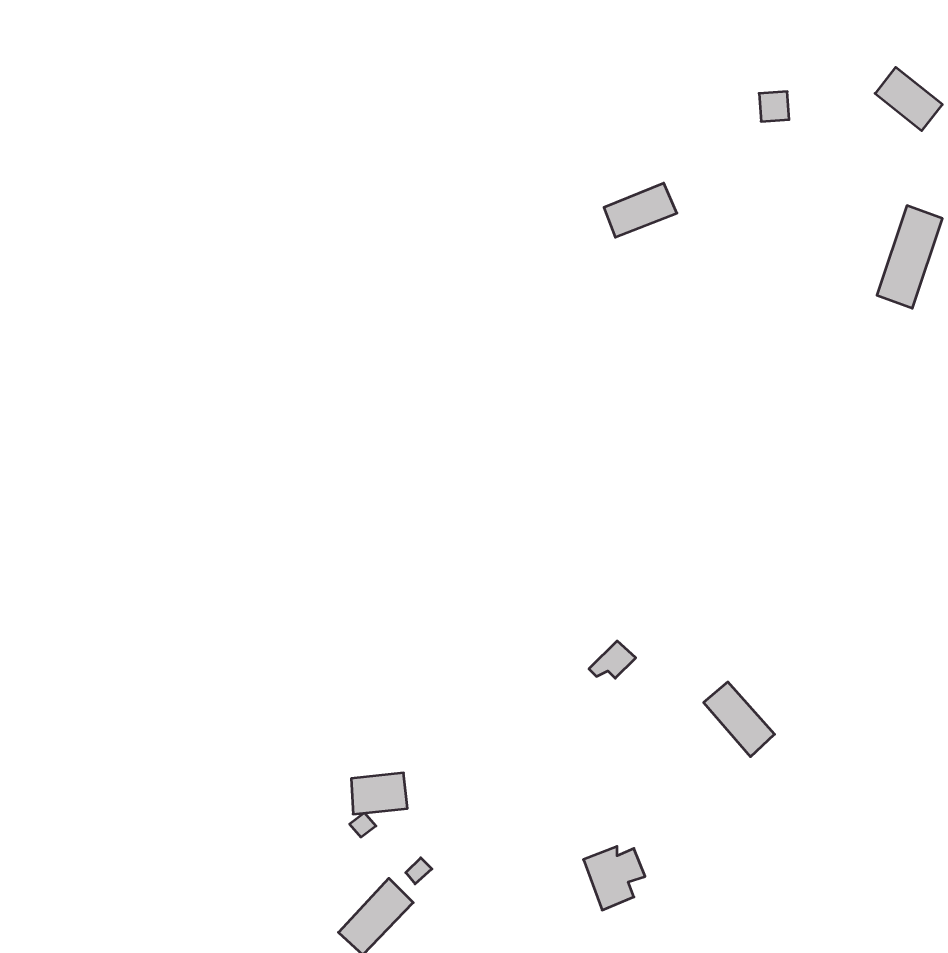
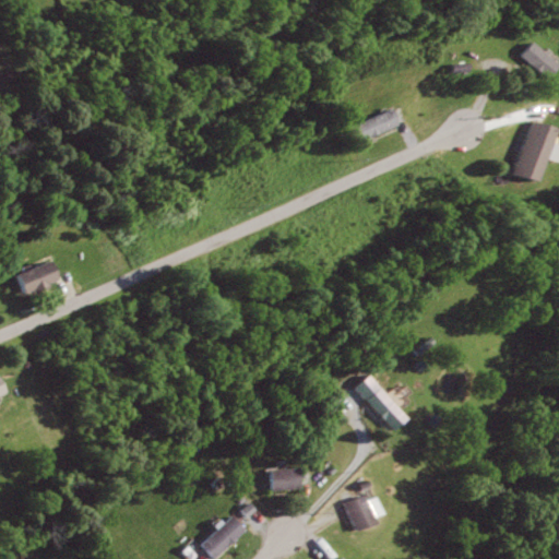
building: none -> [17,262,57,295]
building: [704,682,775,757] -> [367,386,408,430]
building: [351,773,407,814] -> [270,467,302,491]

